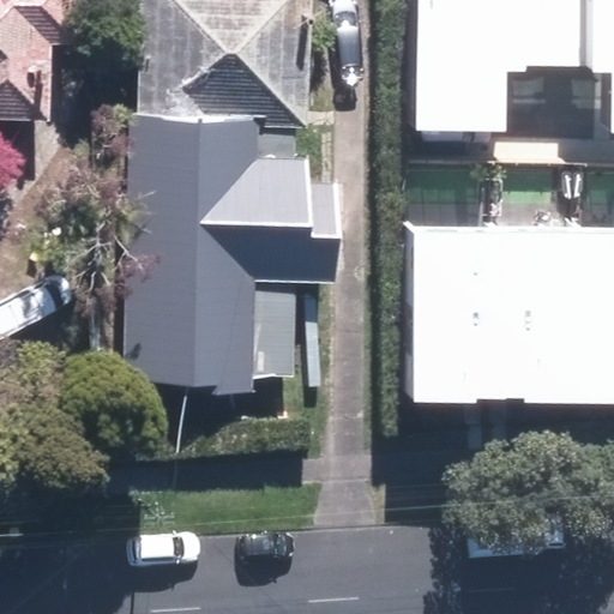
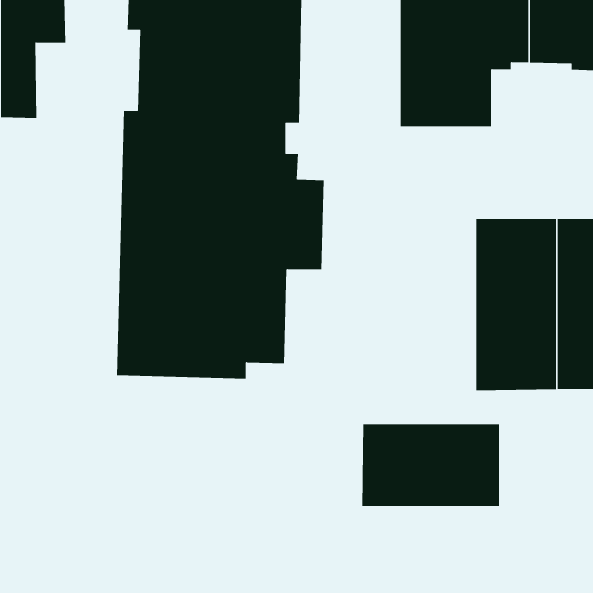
building: [413,225,492,403] -> none
building: none -> [362,423,500,507]

